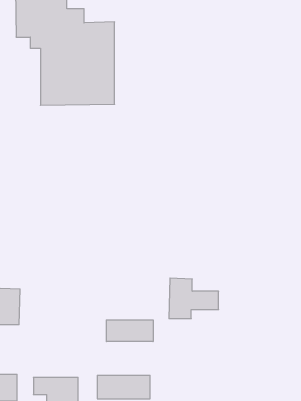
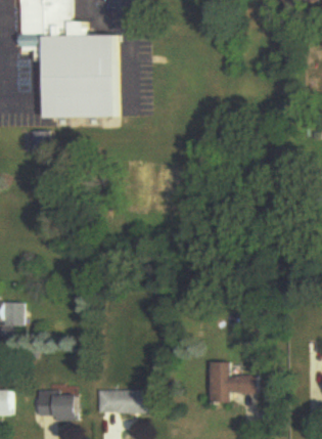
building: [169,278,219,319] -> [210,362,260,403]
building: [106,320,153,342] -> none

